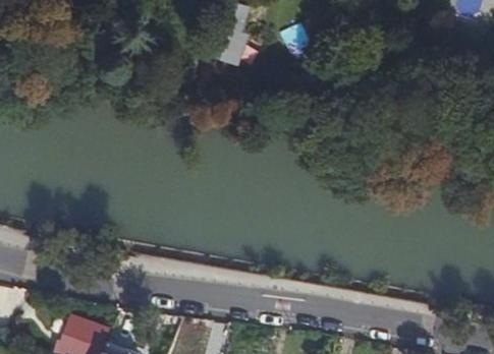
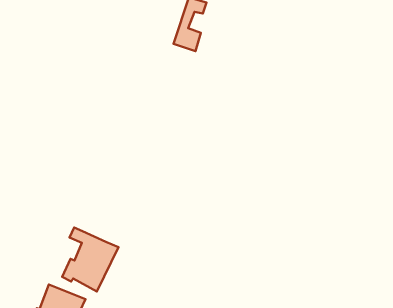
building: none -> [62,227,118,291]

